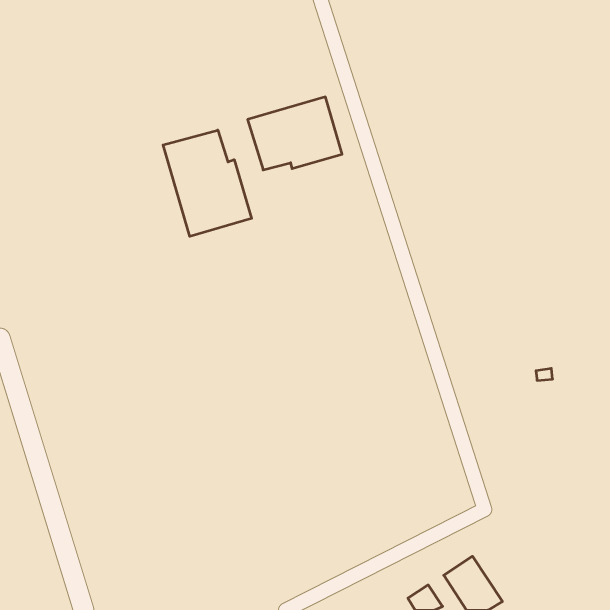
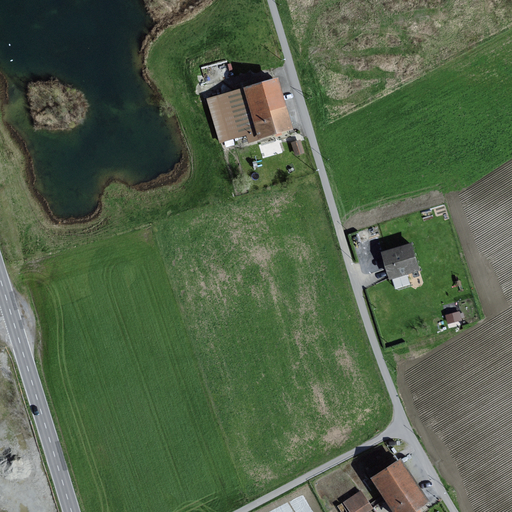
building: [163,130,252,236] -> none
building: none -> [384,245,418,276]

